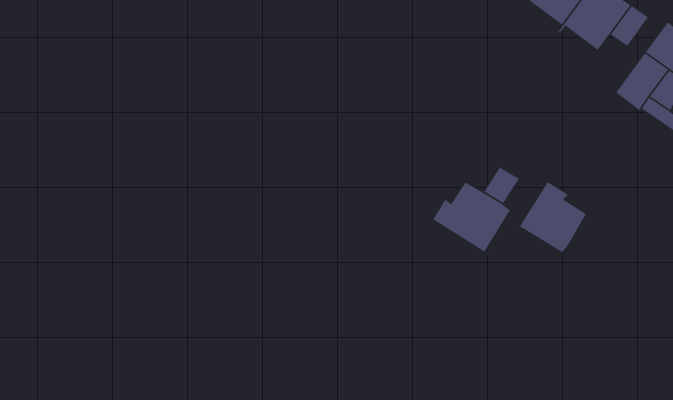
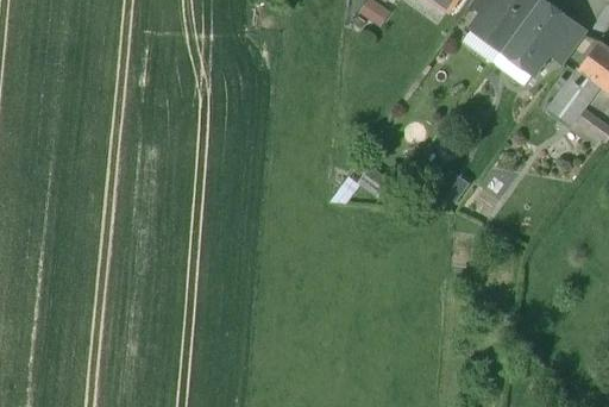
building: [516,181,587,253] -> none
building: [432,182,511,256] -> none

